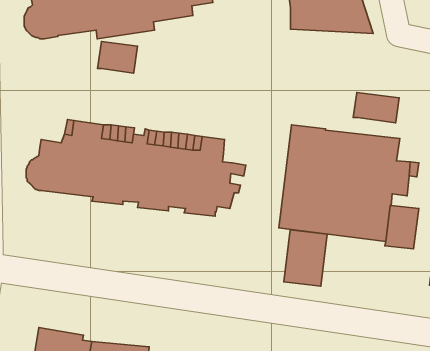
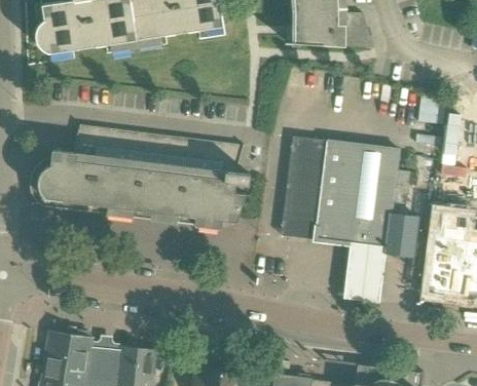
building: [97,41,138,73] -> none
building: [353,92,399,123] -> none
building: [284,230,327,286] -> [341,245,383,300]

